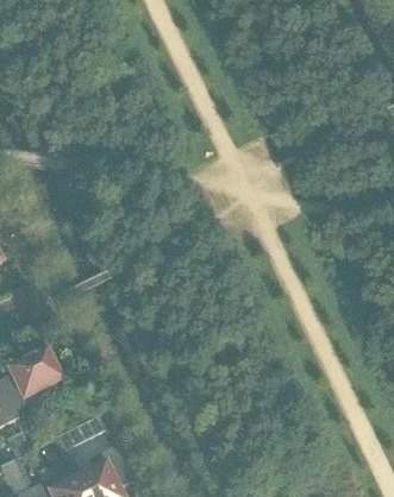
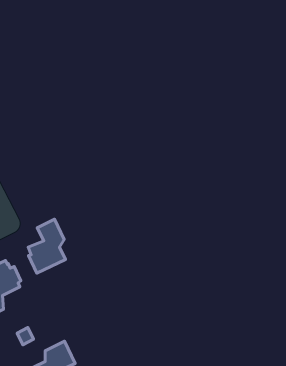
building: none -> [28,219,65,273]

